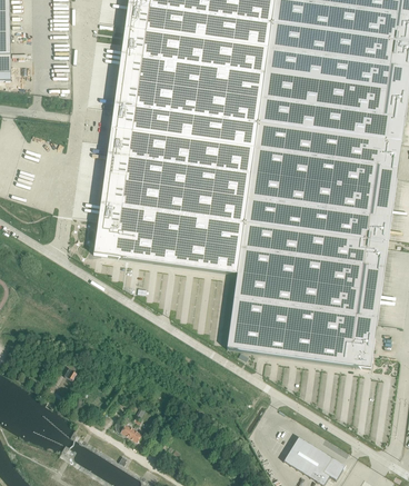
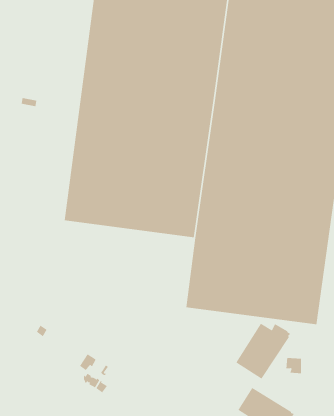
building: none -> [236,323,292,380]

